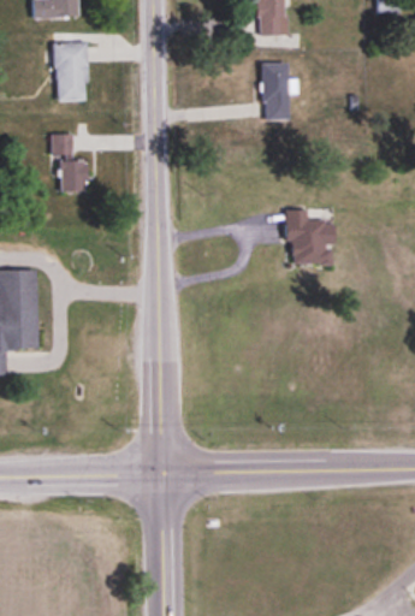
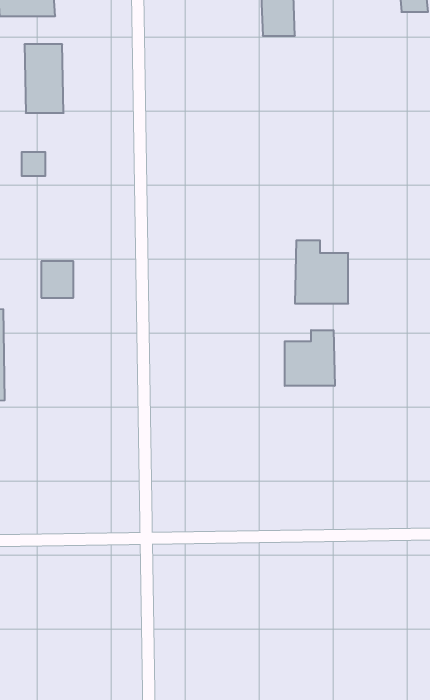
building: [262,61,289,119] -> none
building: [59,160,87,191] -> [41,261,73,298]
building: none -> [285,330,335,386]

